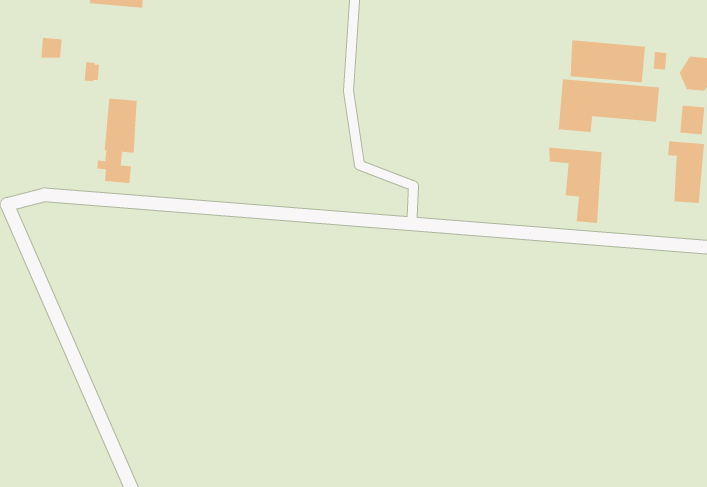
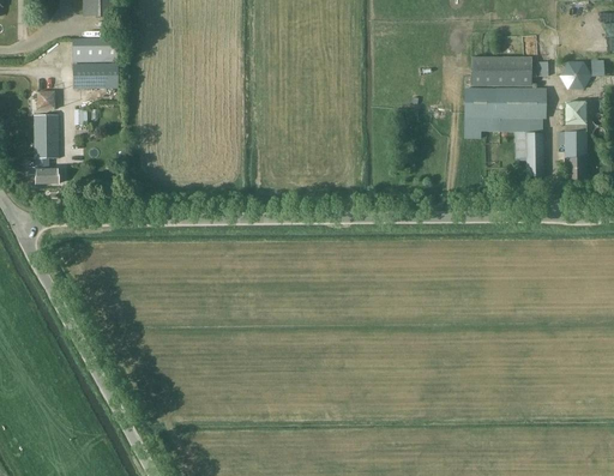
building: none -> [73,64,118,86]
building: [96,98,138,184] -> [29,115,59,183]
building: [549,147,602,223] -> [498,119,543,177]

